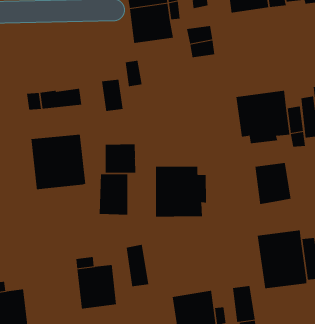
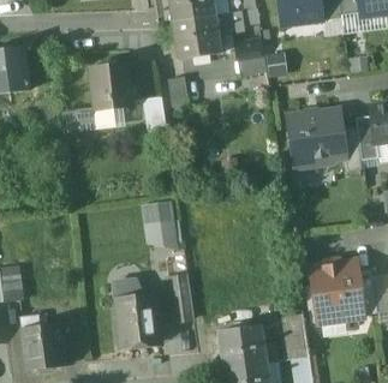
building: none -> [89,64,131,110]
building: [31,134,86,190] -> none
building: [105,144,136,174] -> none
building: [255,162,291,205] -> none
building: [155,166,207,217] -> none

